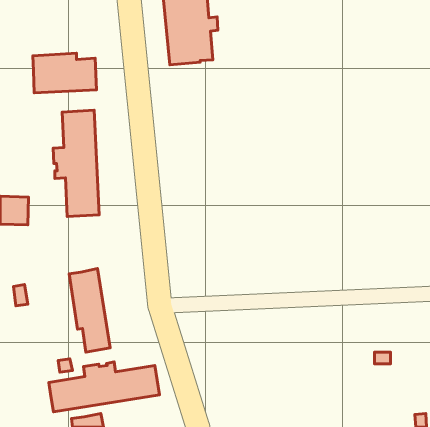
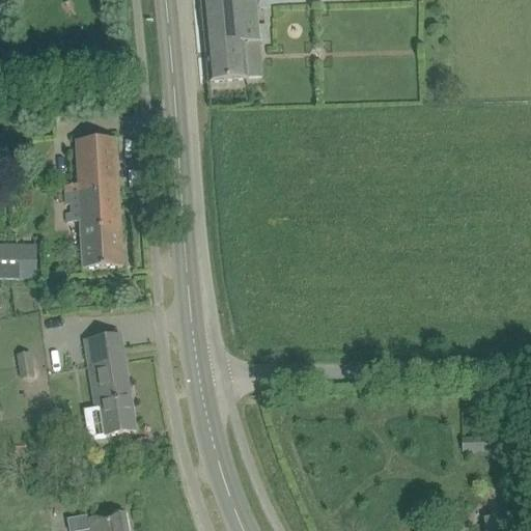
building: [33,53,96,93] -> none
building: [49,362,159,412] -> none

